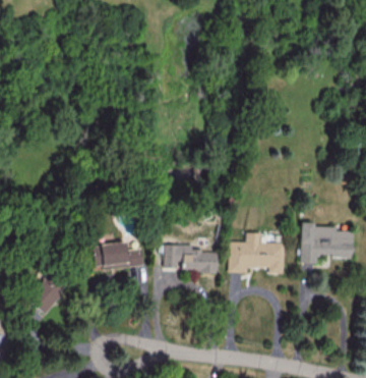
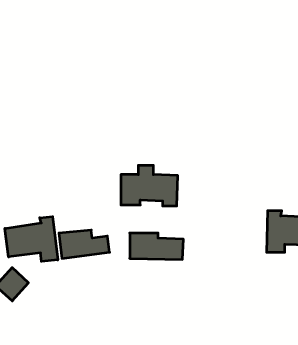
building: none -> [5,217,58,261]
building: [227,232,284,273] -> [121,165,178,206]

